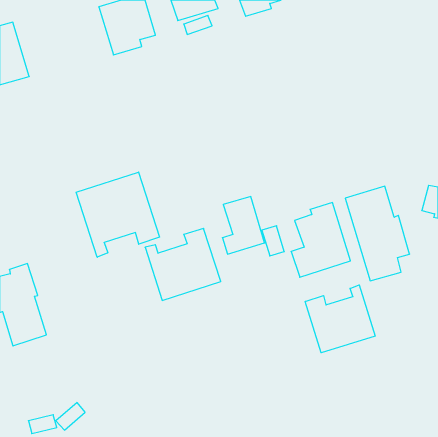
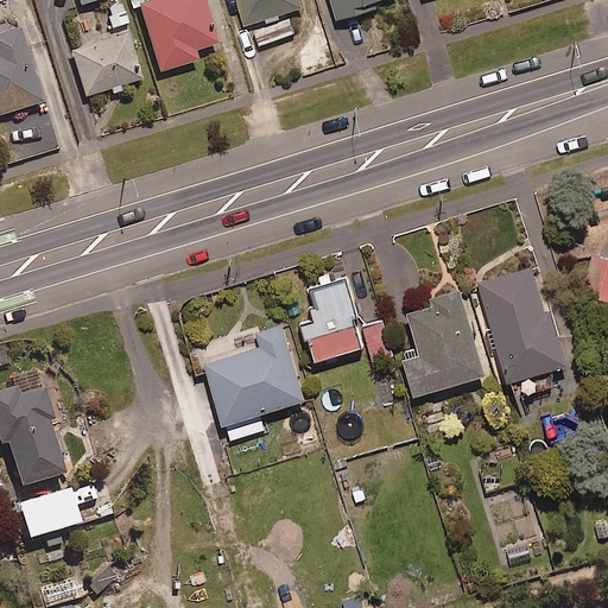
building: none -> [71,42,139,102]
building: [76,172,160,257] -> none
building: [305,285,375,353] -> none
building: none -> [11,493,58,536]

